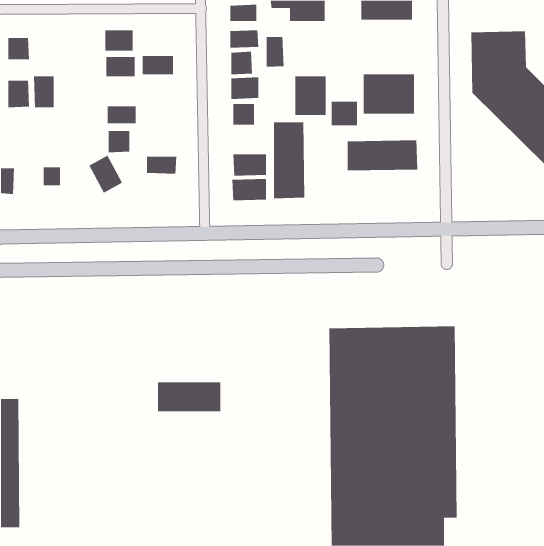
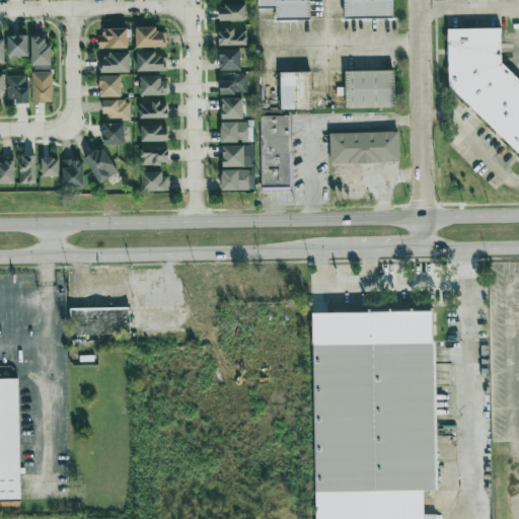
building: none -> [136,27,166,48]
building: [266,36,284,67] -> none
building: none -> [31,36,51,65]
building: none -> [99,76,121,96]
building: none -> [140,77,167,95]
building: [331,101,357,126] -> none
building: none -> [140,101,168,119]
building: none -> [221,122,248,142]
building: none -> [141,126,168,142]
building: none -> [20,155,36,183]
building: none -> [63,160,84,189]
building: none -> [141,172,169,192]
building: [157,382,221,412] -> [70,307,131,336]

